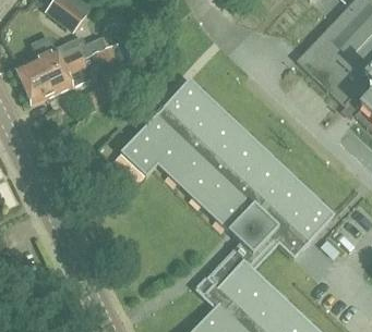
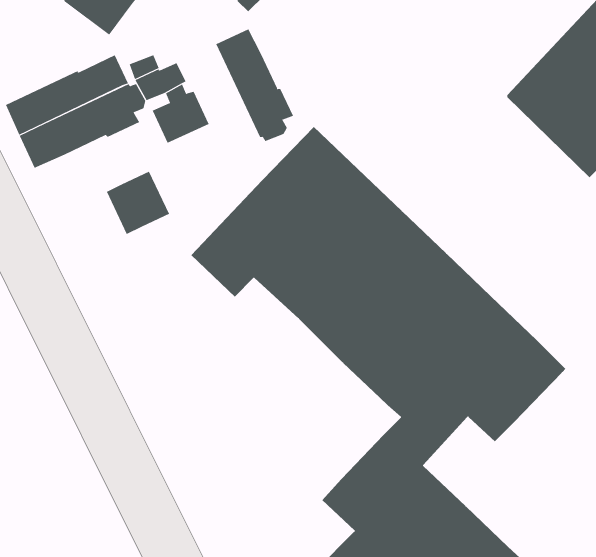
building: none -> [215,28,294,142]
building: none -> [106,171,170,235]

